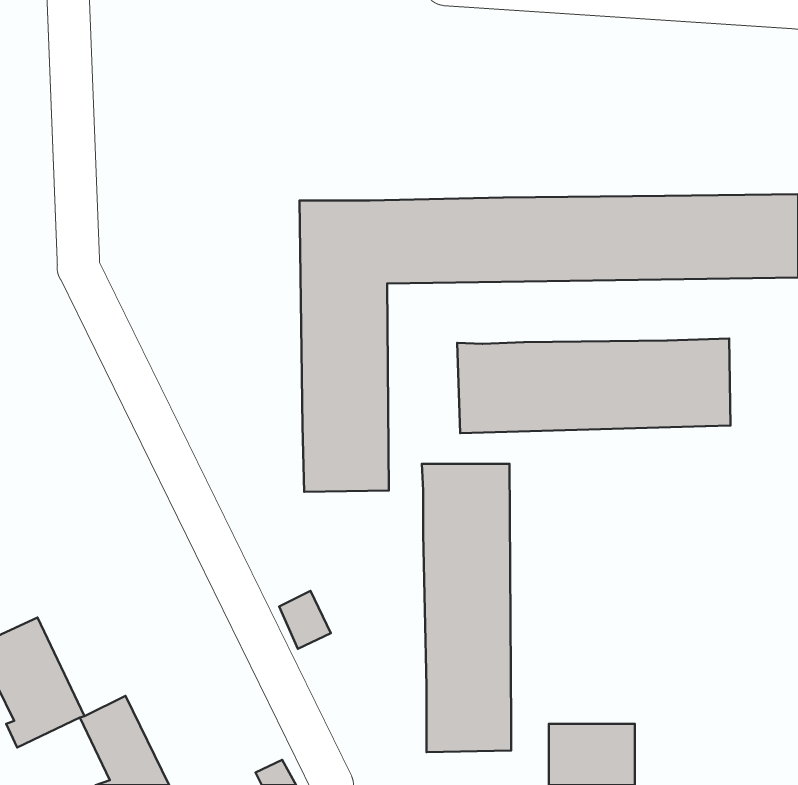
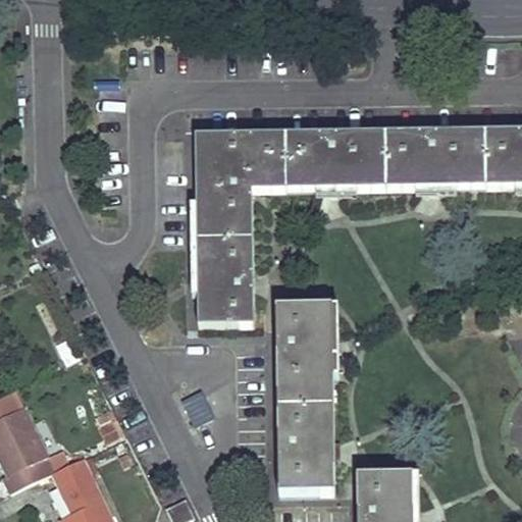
building: [457,339,730,433] -> none

